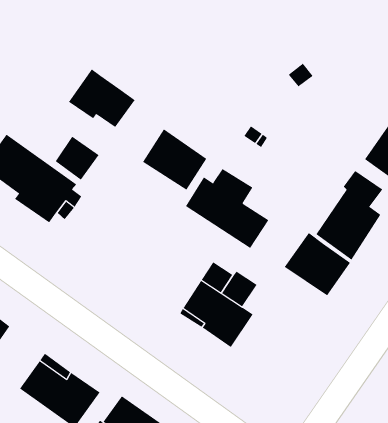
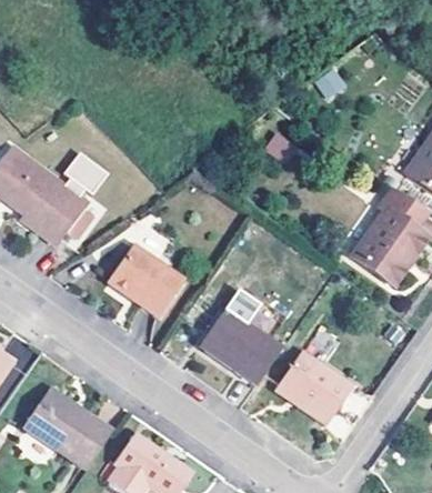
building: [68,69,135,128] -> none
building: [142,128,207,190] -> [109,245,180,313]
building: [185,168,269,249] -> none
building: [284,232,351,296] -> [274,350,348,420]

